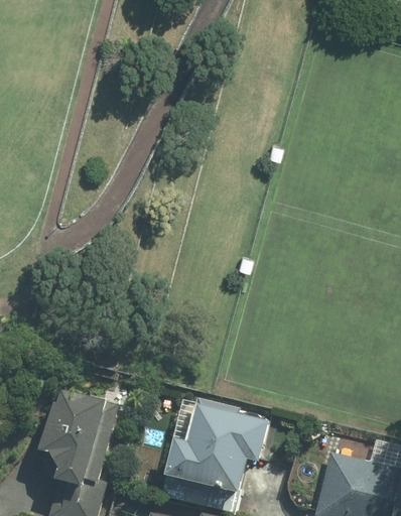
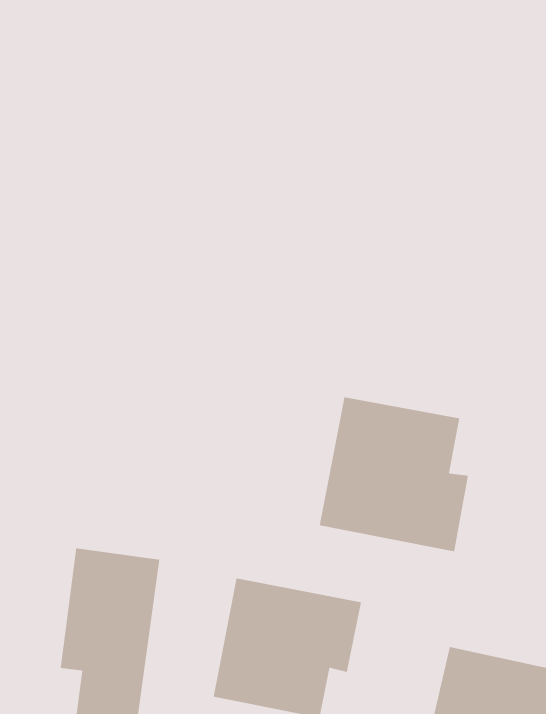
building: none -> [319,396,468,552]

